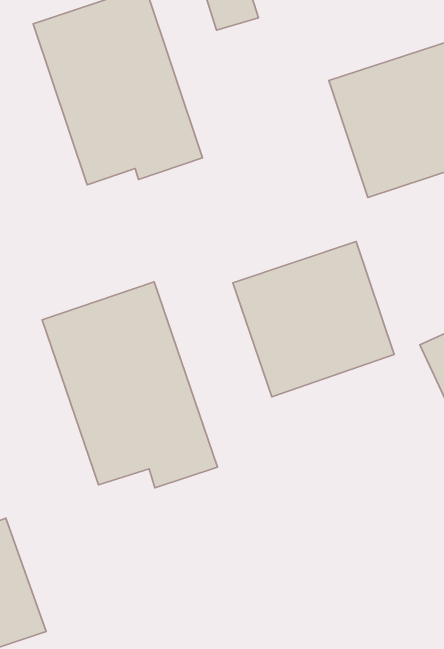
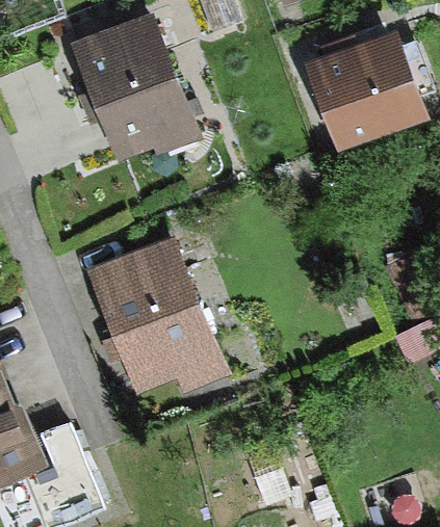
building: [233,241,394,397] -> none

